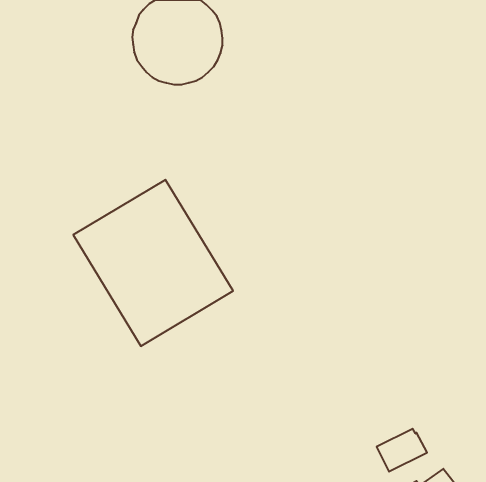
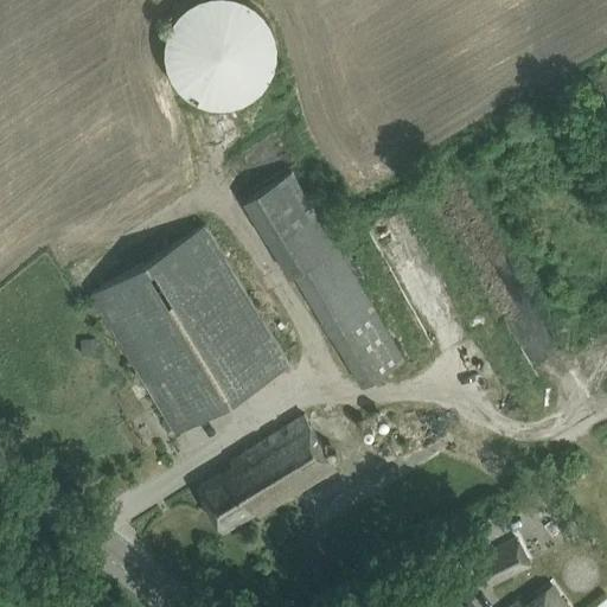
building: none -> [243,175,405,390]
building: none -> [199,420,337,532]

